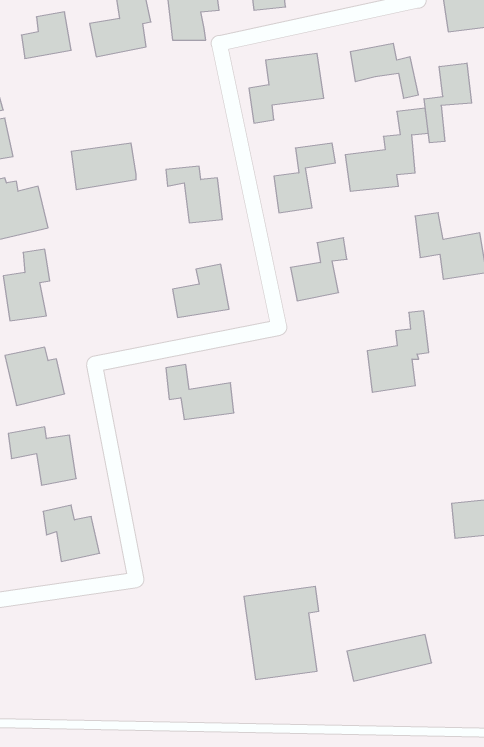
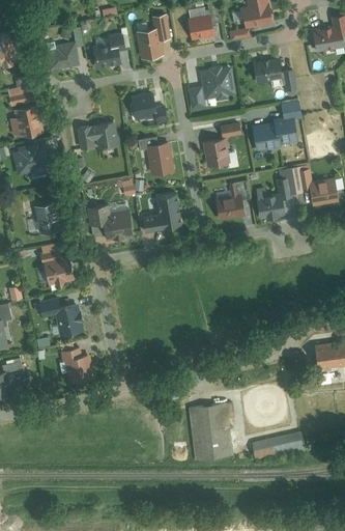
building: [424,63,472,143] -> none
building: none -> [130,94,166,123]
building: [367,311,429,392] -> [258,168,296,219]
building: [166,365,234,419] -> [94,206,137,241]

